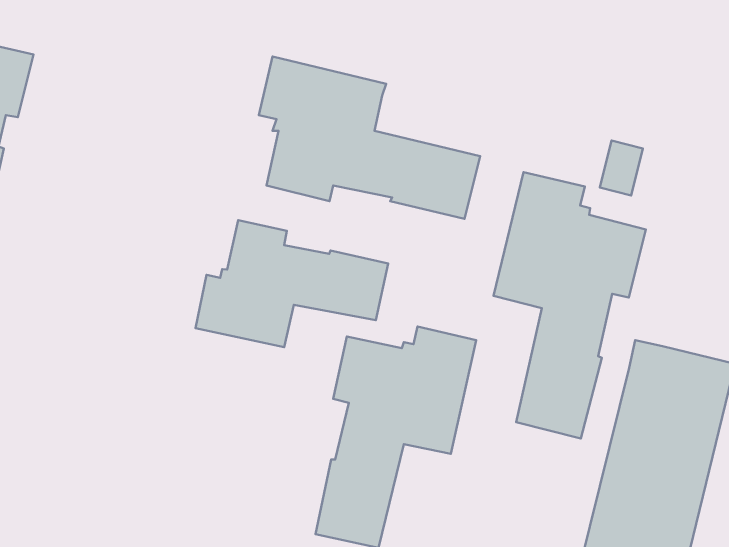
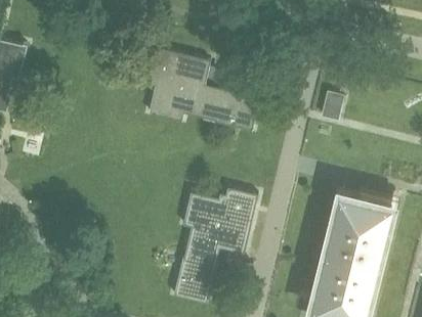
building: [493,172,646,438] -> none
building: [195,220,388,347] -> none

